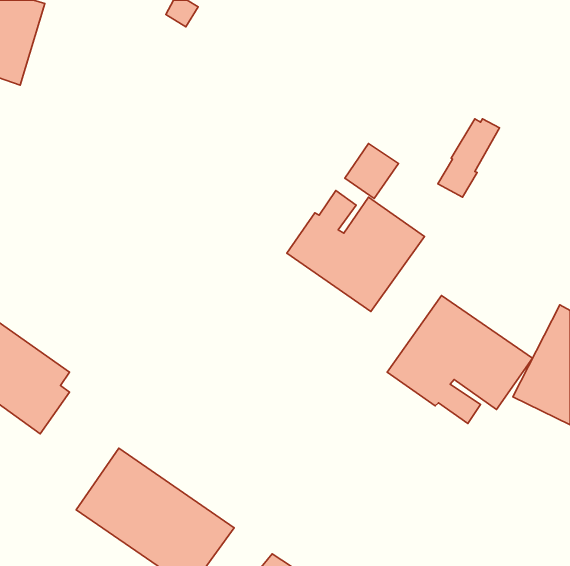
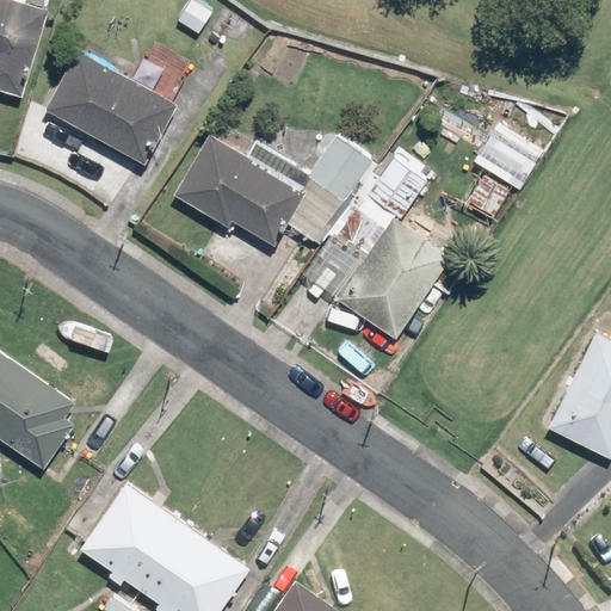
building: none -> [44,49,187,165]
building: none -> [173,135,372,247]
building: [387,295,533,424] -> none

